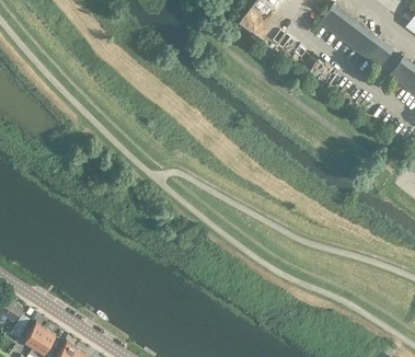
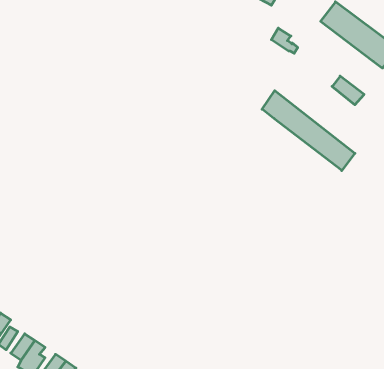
building: none -> [262,91,355,171]

